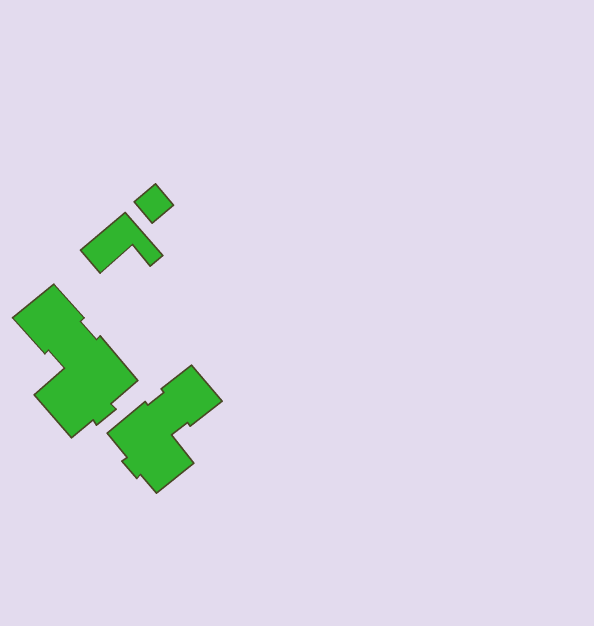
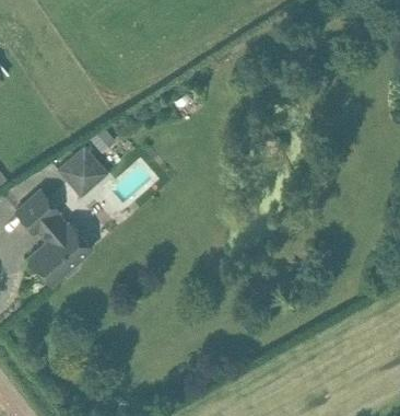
building: [107,365,222,493] -> none

